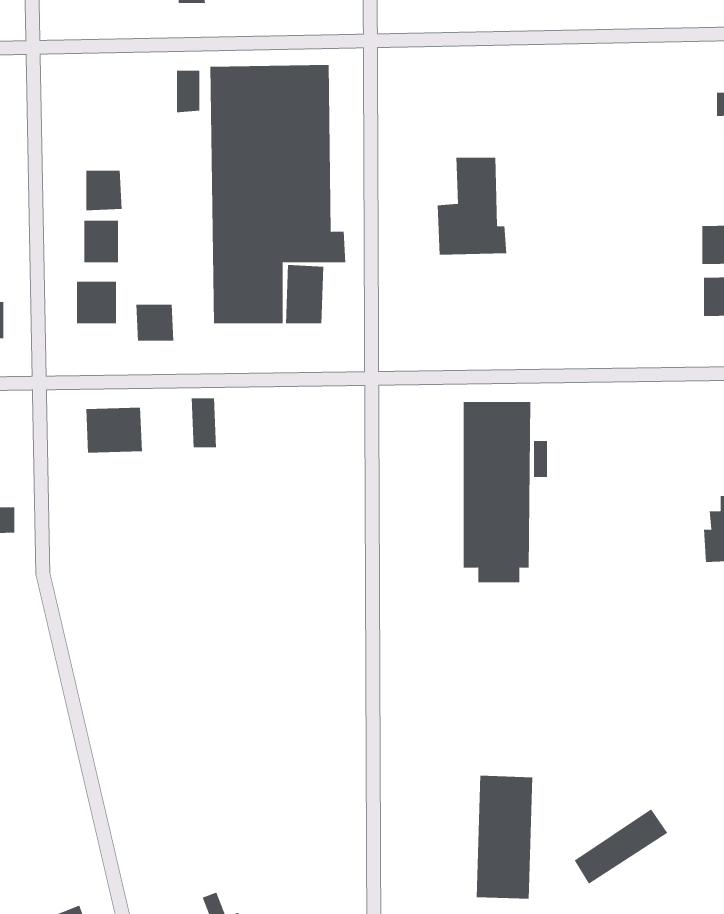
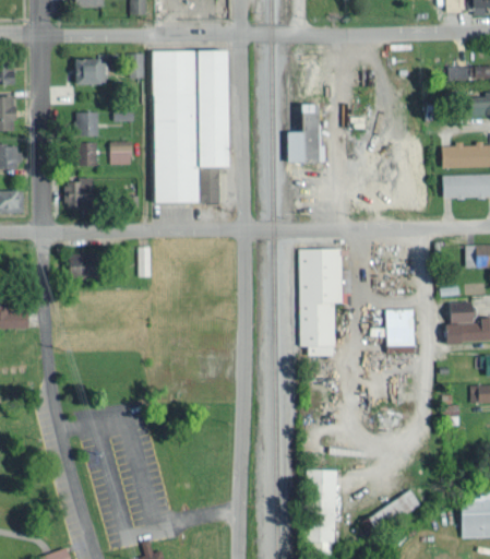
building: none -> [72,60,107,84]
building: [135,304,174,341] -> [110,142,133,164]
building: none -> [385,310,415,346]

